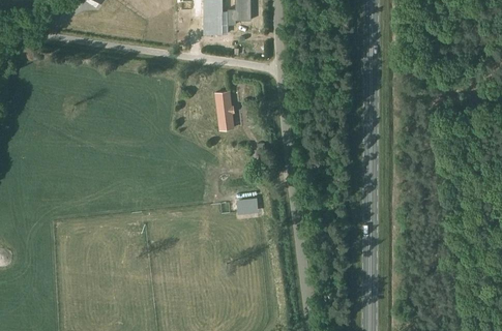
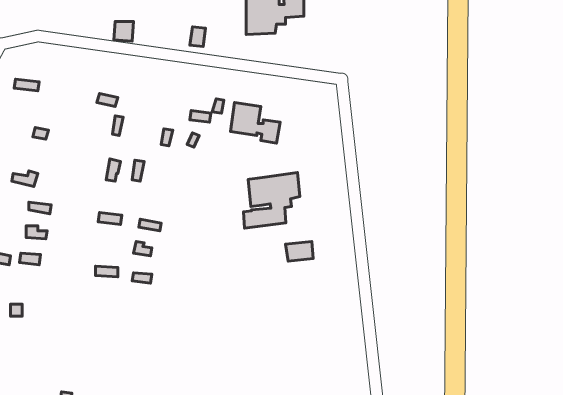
building: none -> [243,173,300,228]

